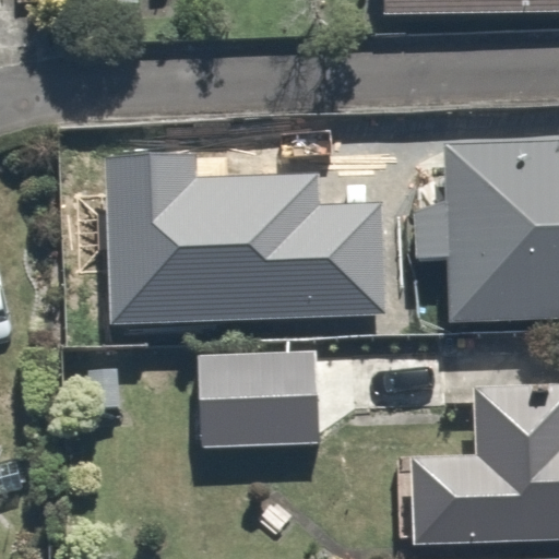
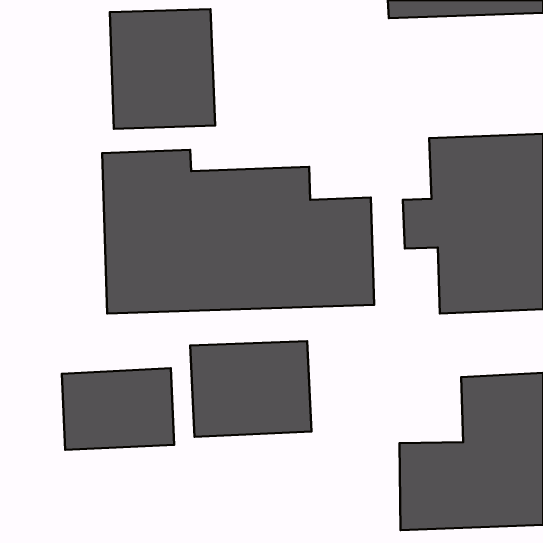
building: none -> [110,9,215,129]
building: none -> [62,368,174,450]

